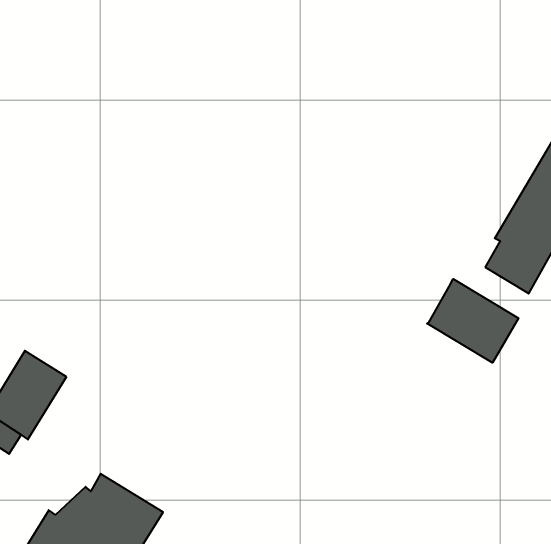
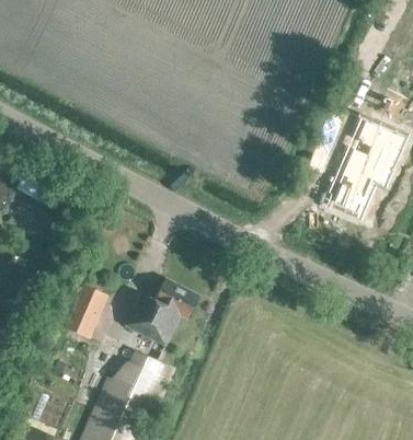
building: [427,279,518,363] -> none
building: none -> [122,281,194,347]

